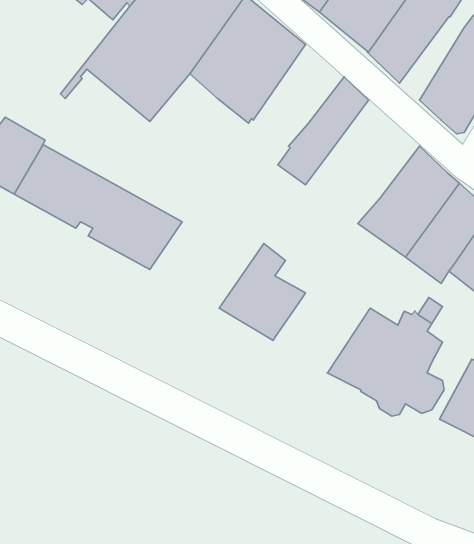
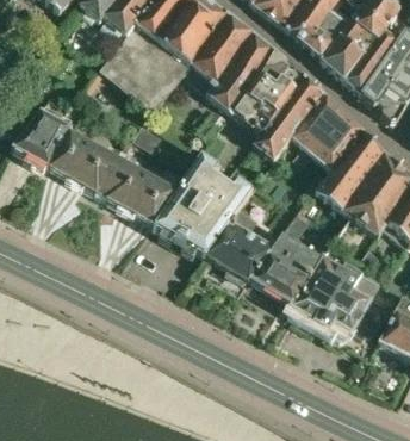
building: none -> [347,30,397,94]
building: none -> [234,51,304,130]
building: none -> [292,94,362,170]
building: none -> [154,153,254,255]
building: none -> [250,231,324,304]

